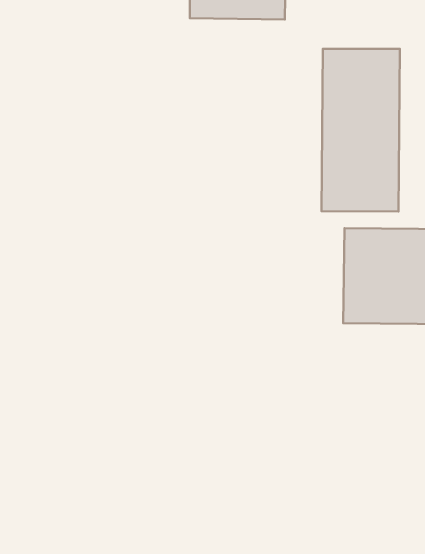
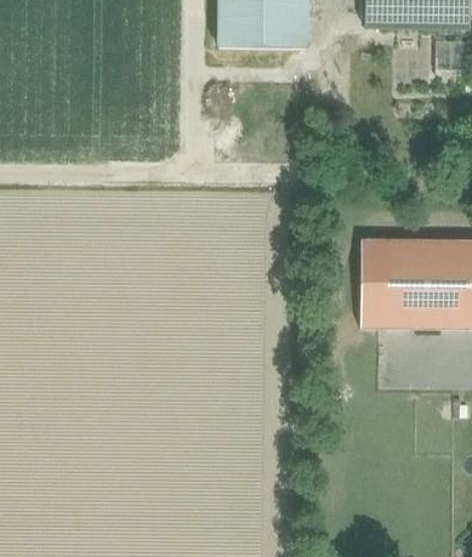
building: [321,49,400,211] -> none

